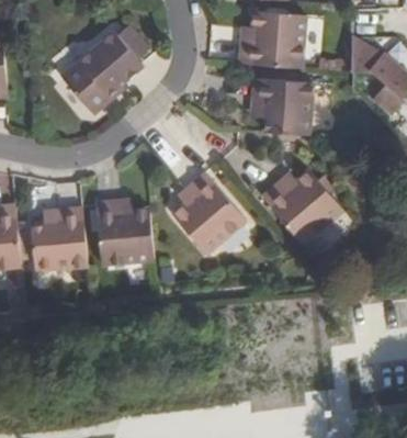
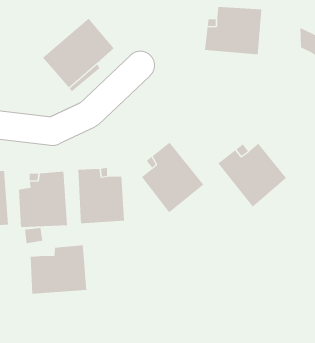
building: [255,77,316,135] -> none
building: none -> [30,244,87,294]

